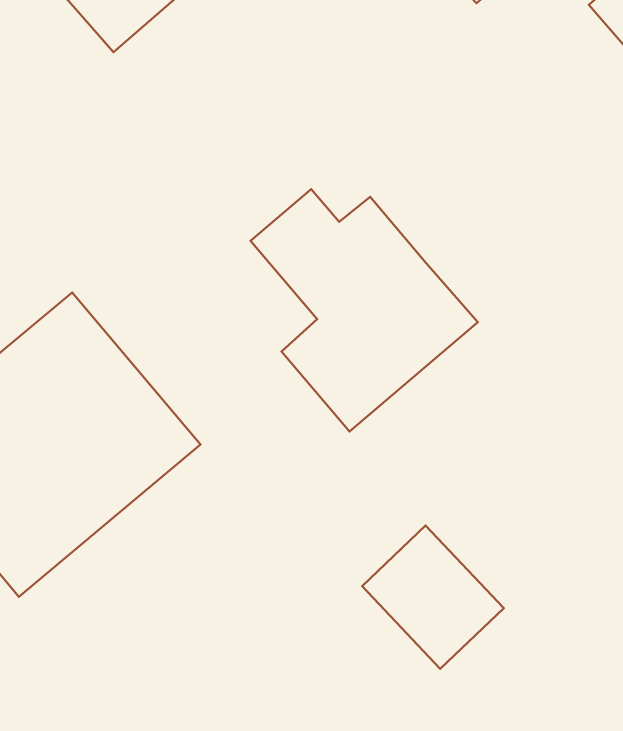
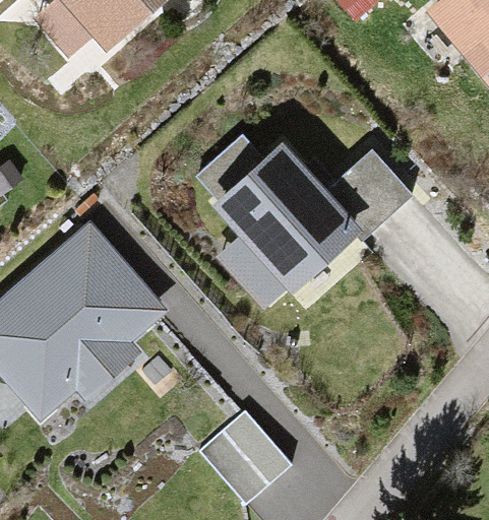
building: none -> [324,152,409,235]
building: [362,526,504,669] -> [197,406,295,505]

